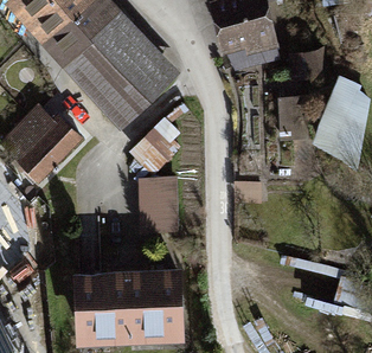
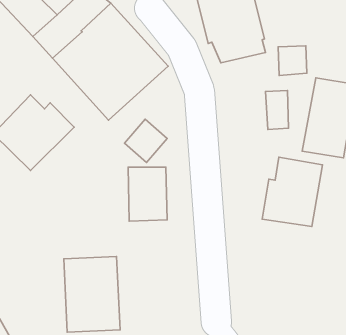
building: none -> [262,157,322,227]
building: [126,268,184,345] -> none

